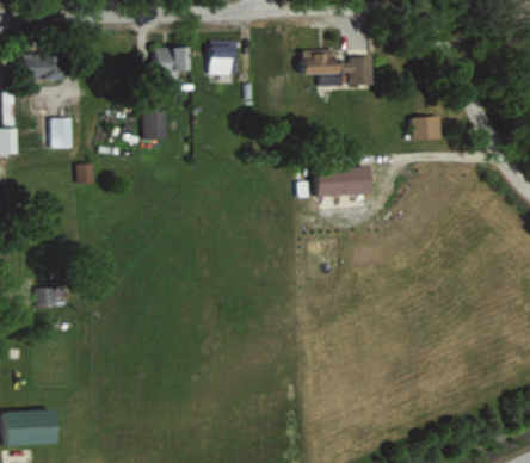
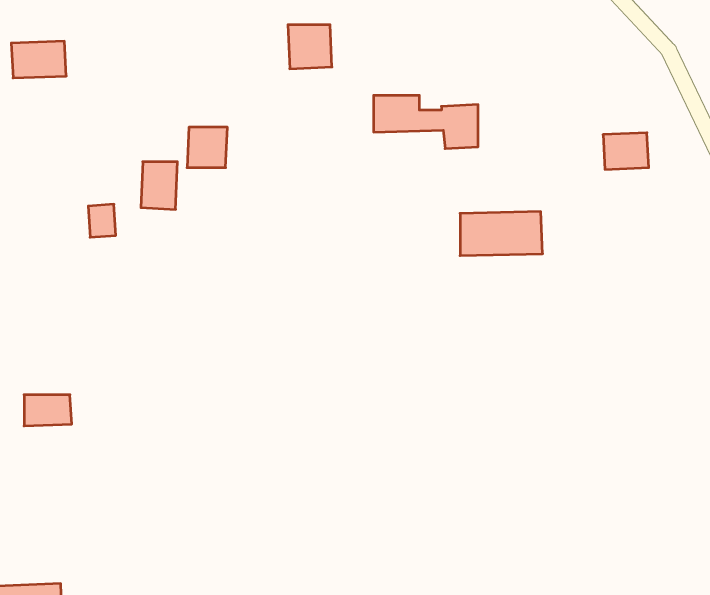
building: [158,47,190,80] -> none
building: [304,50,372,85] -> [374,95,478,149]
building: [48,117,72,148] -> [141,162,177,209]

